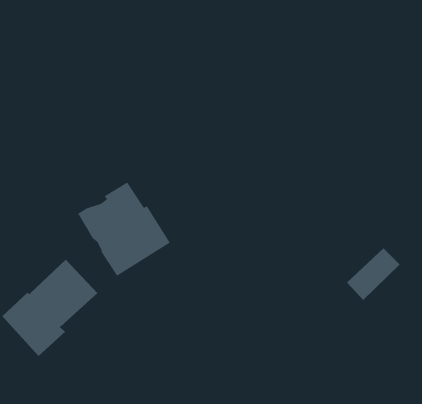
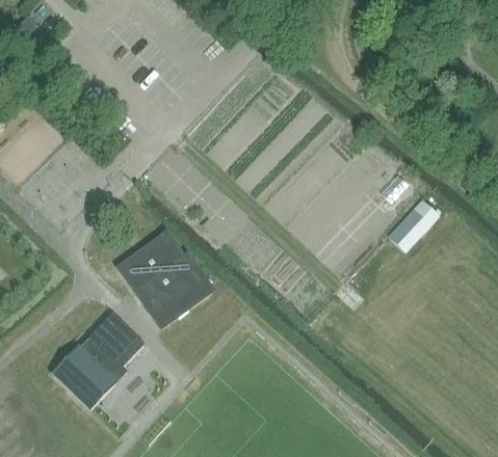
building: [346,247,401,301] -> [389,201,441,254]

